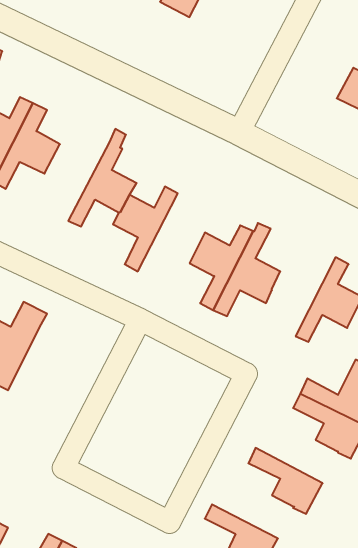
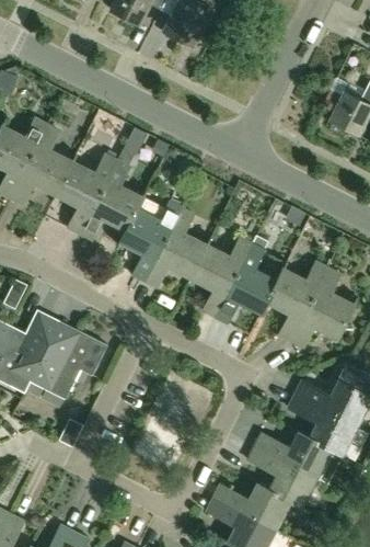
building: none -> [57,155,117,233]
building: none -> [143,208,206,287]
building: none -> [268,261,327,341]
building: none -> [28,320,106,398]
building: none -> [253,431,329,478]
building: none -> [212,483,289,529]

